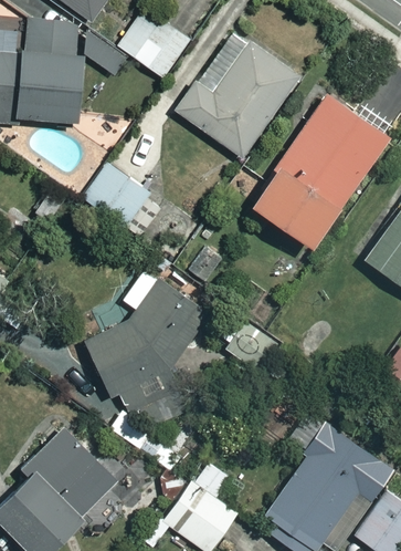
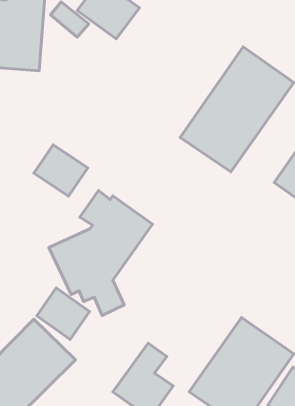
building: [175,42,299,157] -> none
building: [84,164,151,228] -> [34,145,88,196]
building: none -> [37,288,90,339]

